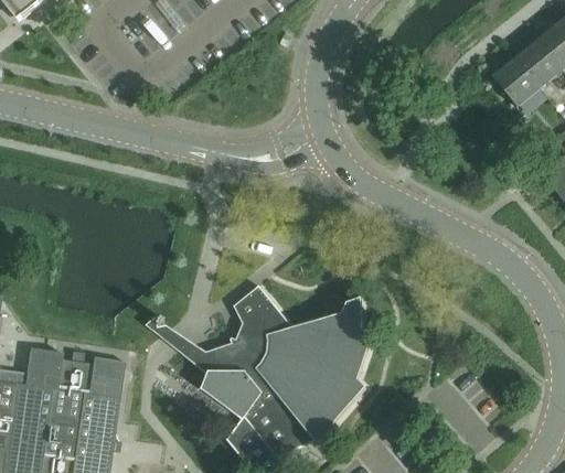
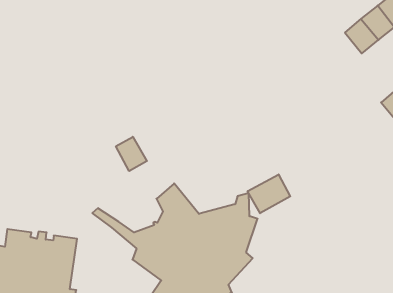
building: none -> [116,137,147,171]
building: none -> [248,174,290,213]

